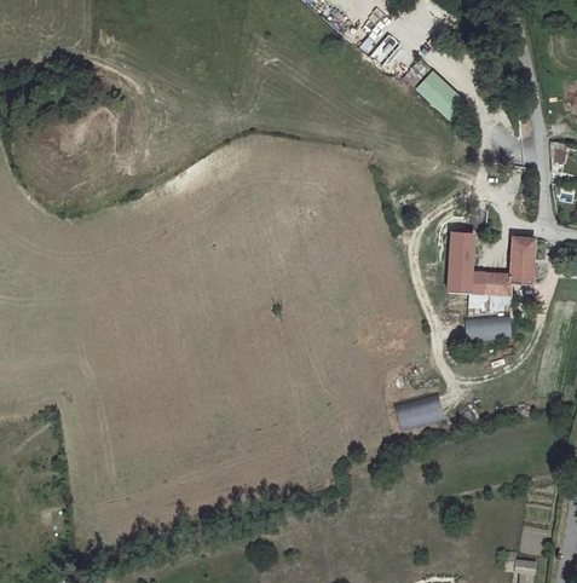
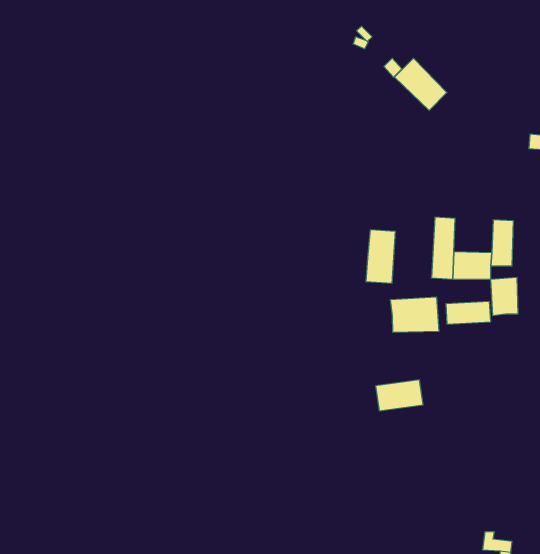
building: none -> [366,230,395,283]
building: none -> [491,277,518,316]
building: none -> [391,297,439,332]

